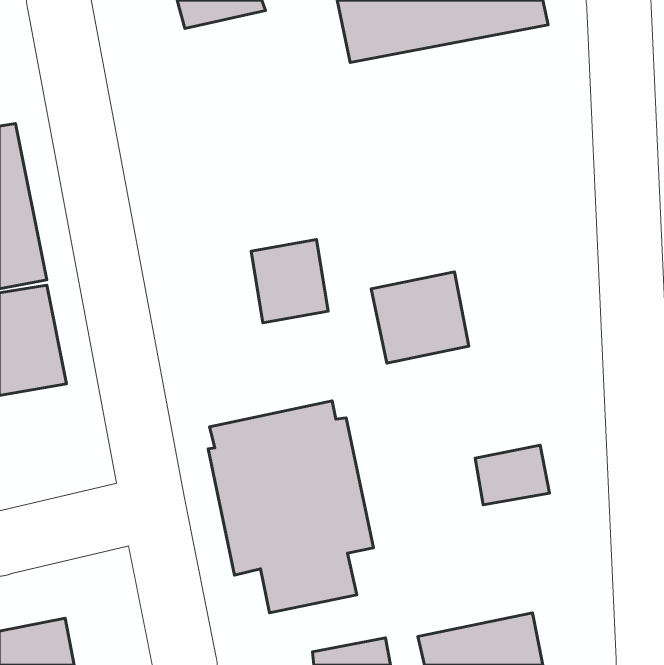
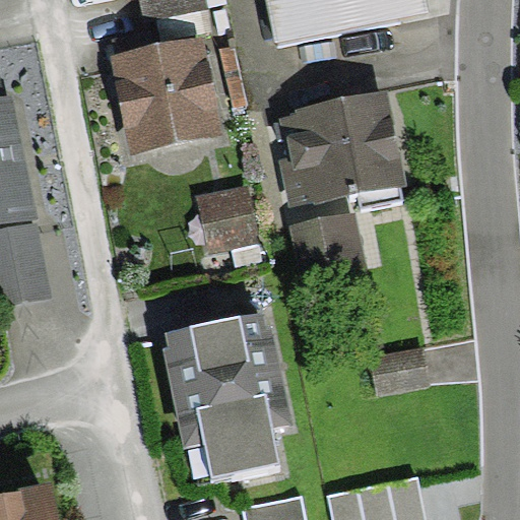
building: none -> [110,36,226,156]
building: none -> [278,90,405,209]

